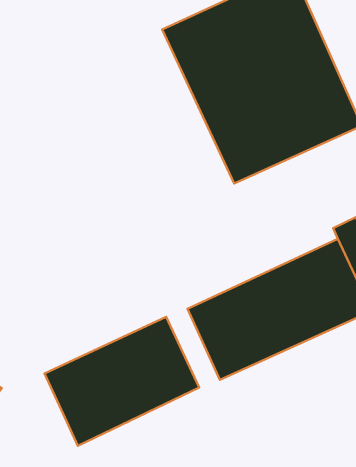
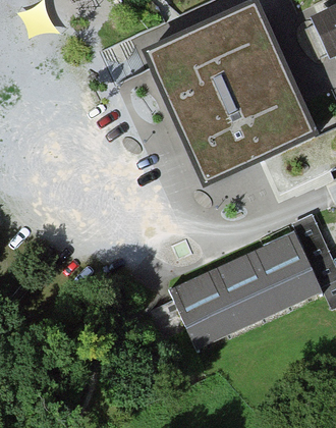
building: [44,317,199,446] -> none

